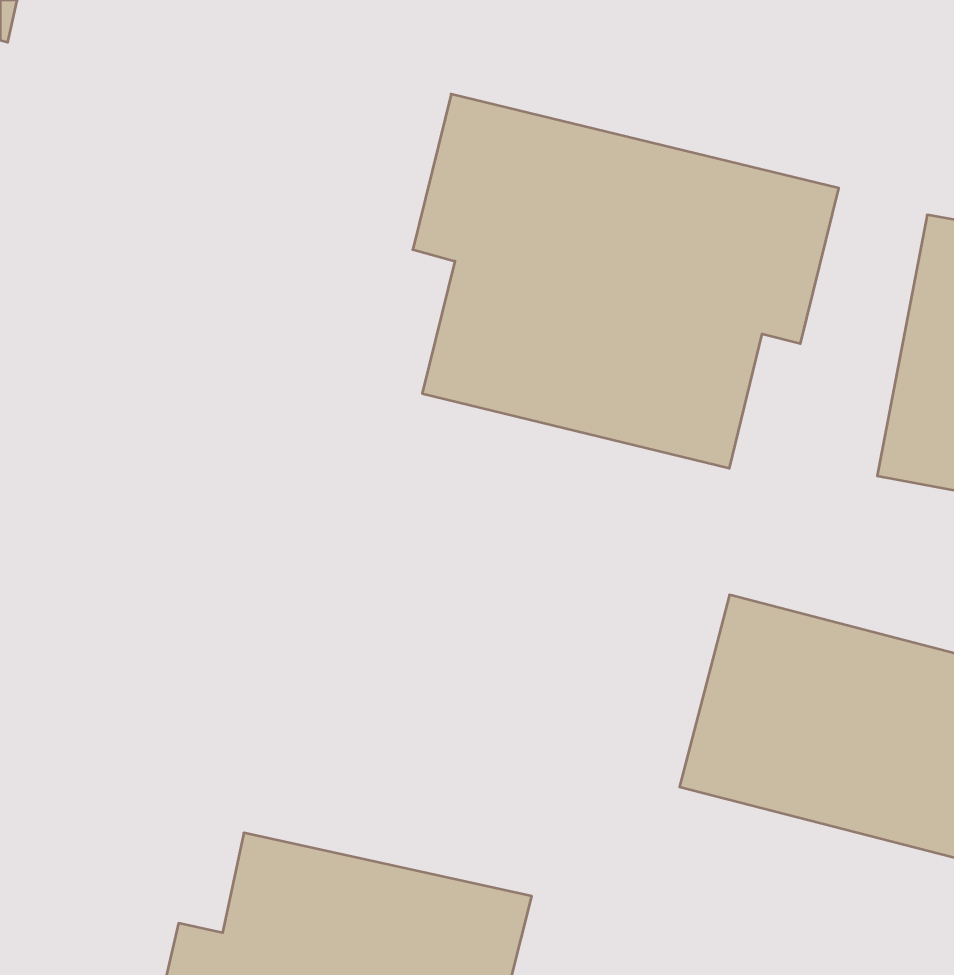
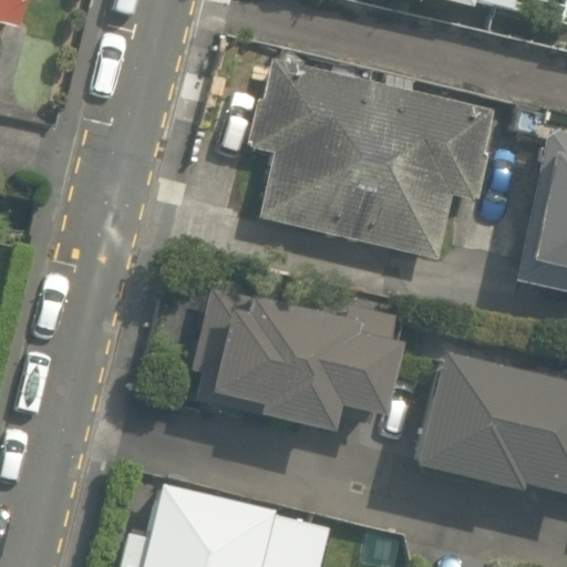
building: none -> [193,290,391,426]

